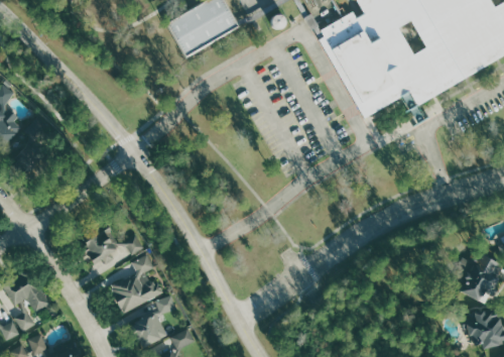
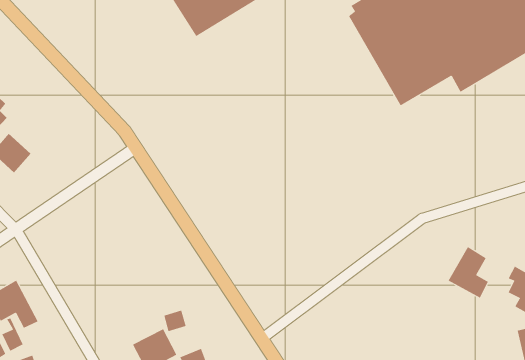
building: [82,229,144,275] -> none
building: none -> [448,246,489,299]
building: [110,255,165,314] -> none

